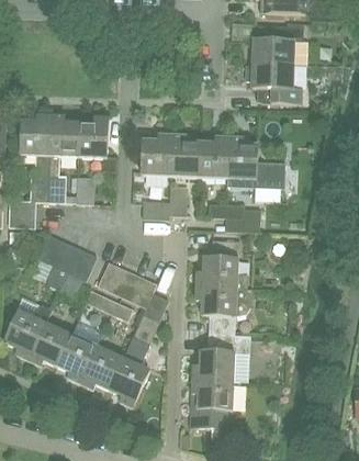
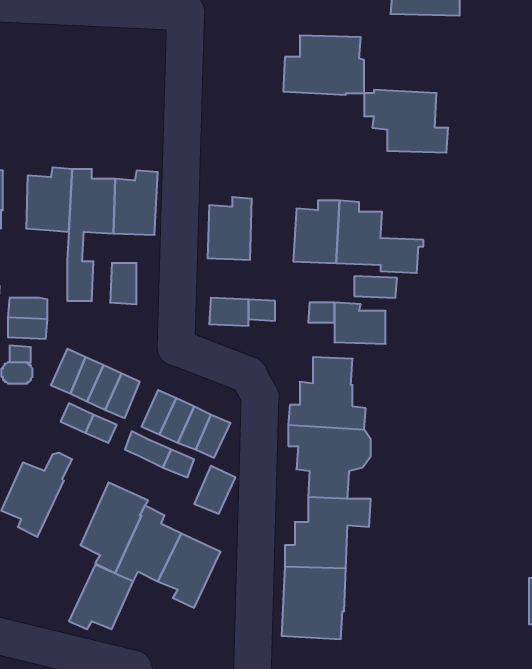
building: [251,24,305,64] -> [283,35,364,95]
building: [169,134,200,176] -> none
building: [27,322,70,364] -> [69,565,133,629]

